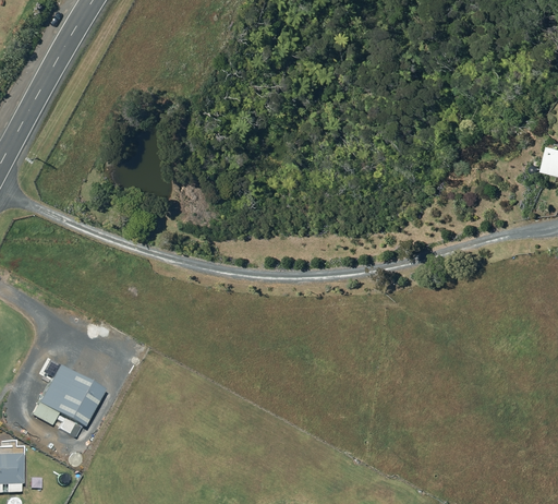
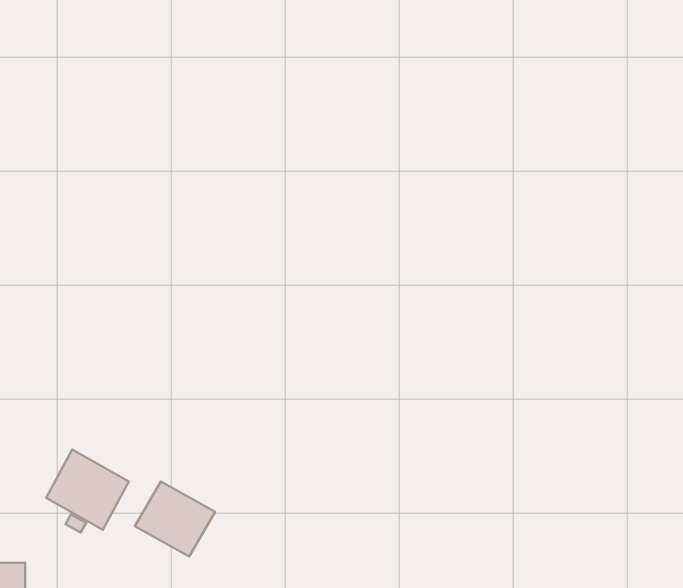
building: none -> [135,481,215,557]

